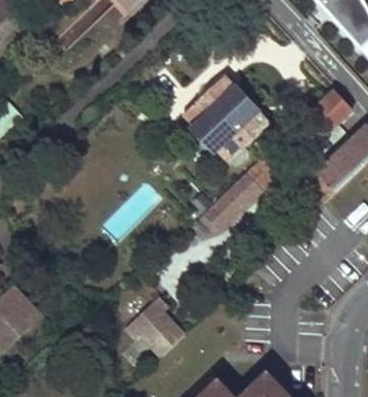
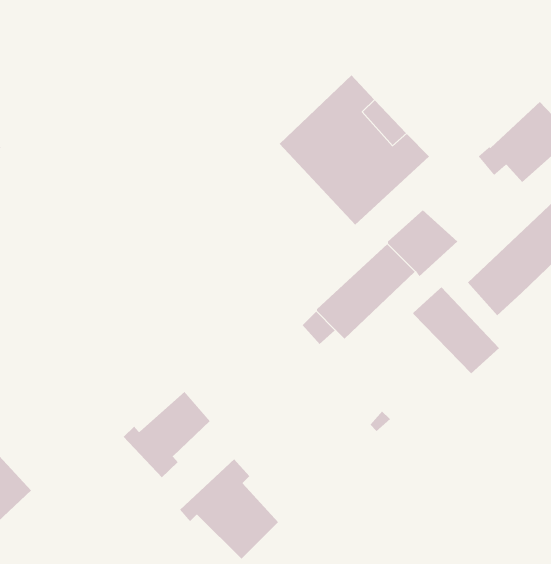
building: none -> [413,287,500,374]
building: none -> [123,391,210,478]

